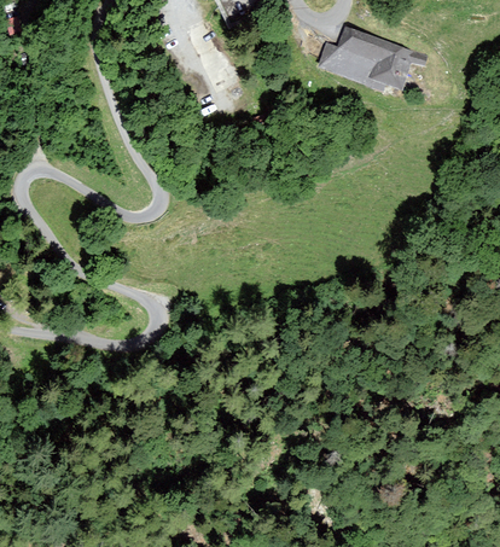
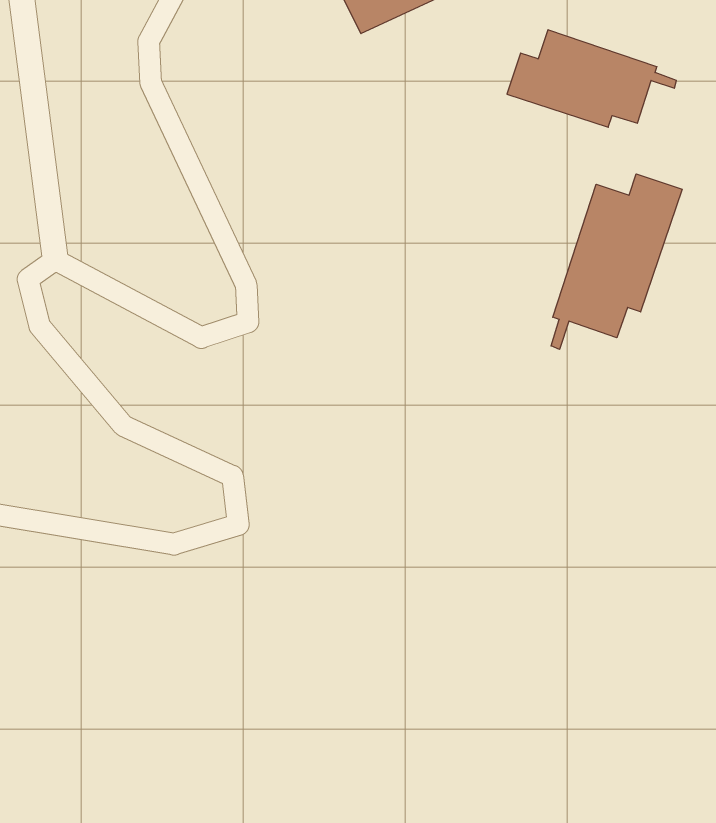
building: none -> [551,174,682,349]

